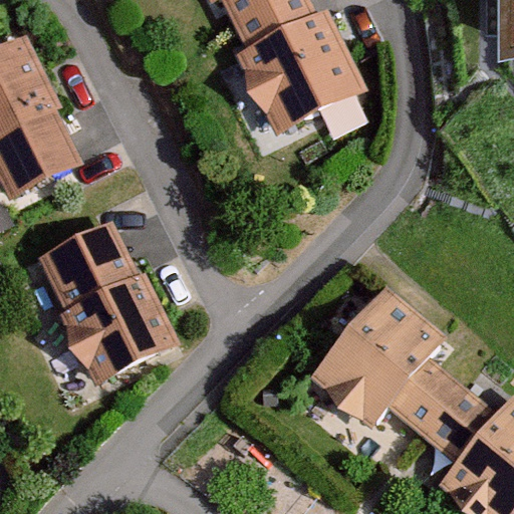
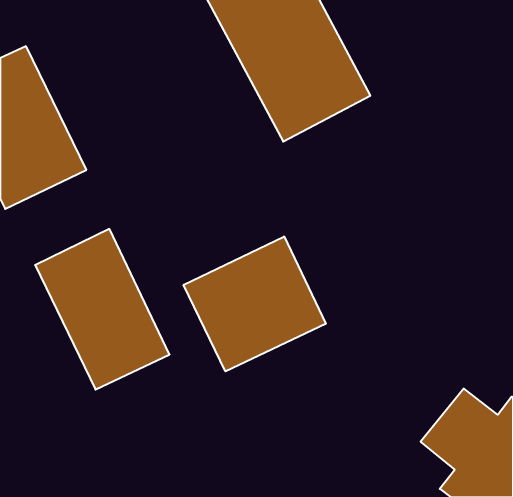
building: none -> [184,236,326,371]
building: [311,293,464,442] -> none

